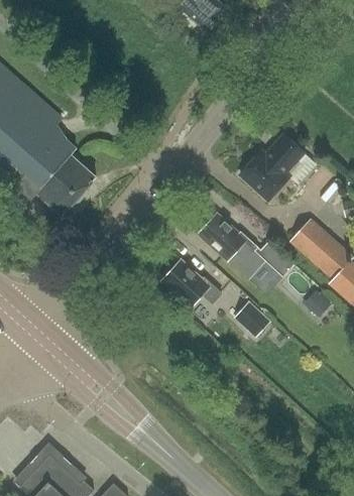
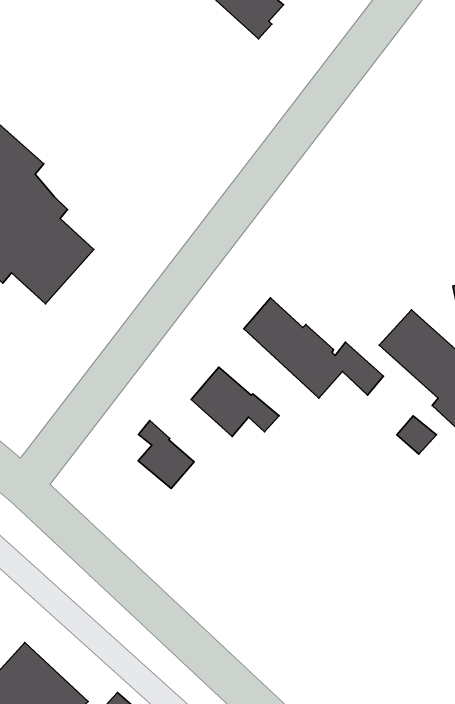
building: [242,134,305,198] -> none
building: none -> [138,421,194,488]
building: [234,302,270,338] -> none

